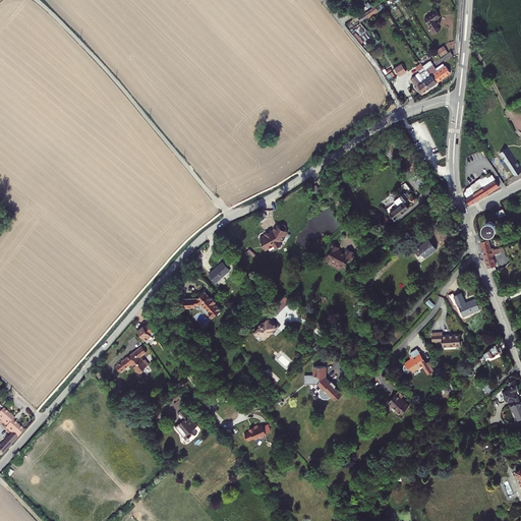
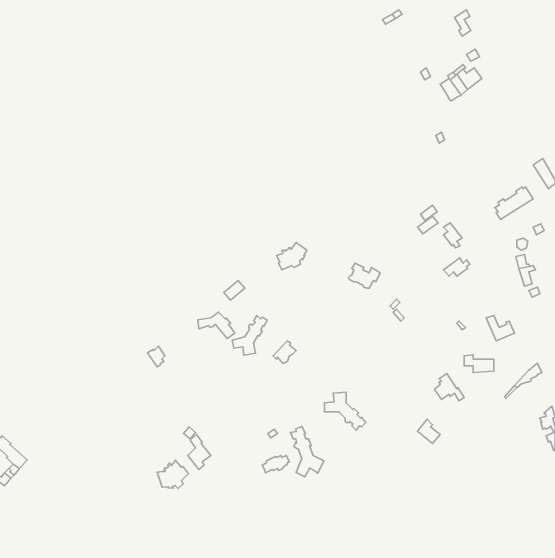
building: none -> [232,315,267,355]
building: [115,346,149,373] -> none
building: none -> [291,427,324,477]
building: none -> [157,460,188,488]

